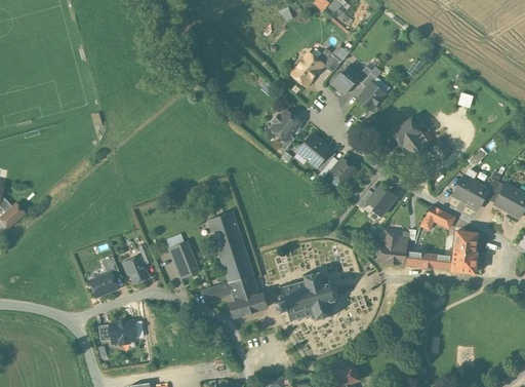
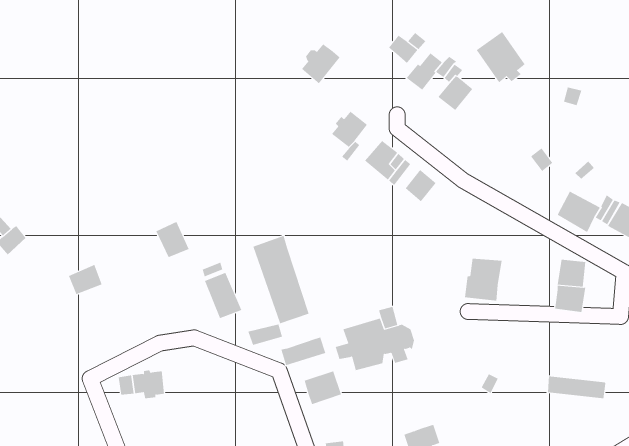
building: [291,53,323,86] -> [301,44,341,84]
building: [390,117,430,159] -> [476,31,525,83]
building: [363,182,398,218] -> none
building: [420,206,454,230] -> none
building: [405,251,453,270] -> [547,376,607,399]
building: [122,255,150,284] -> [155,221,190,258]
building: [90,272,118,297] -> [68,264,102,295]
building: [229,275,259,303] -> [304,370,342,405]

